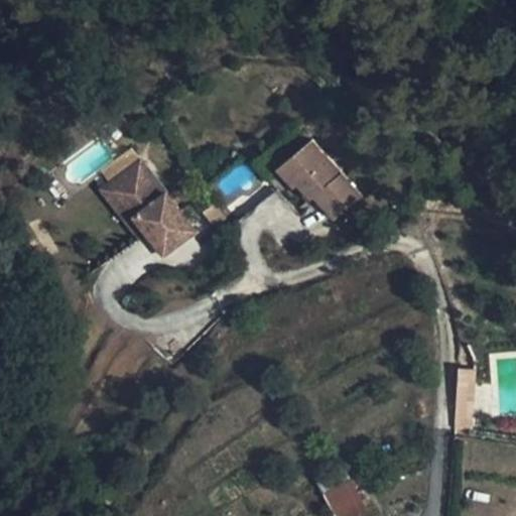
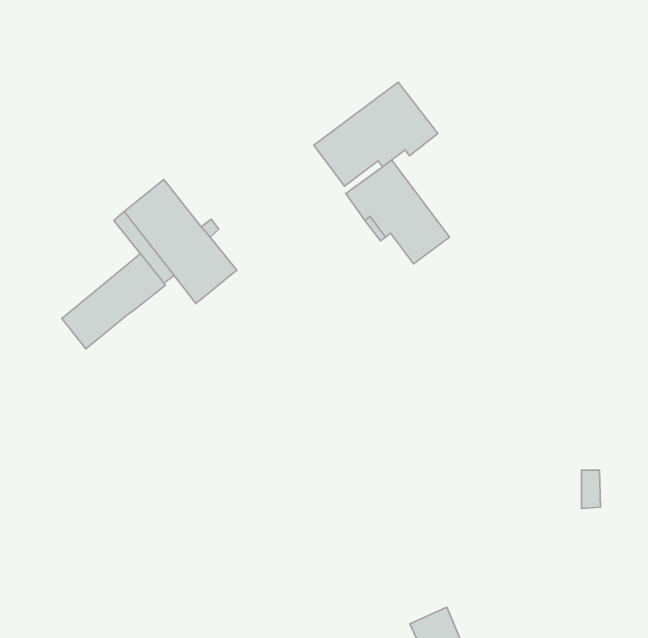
building: none -> [314,82,438,186]
building: none -> [62,254,165,349]

